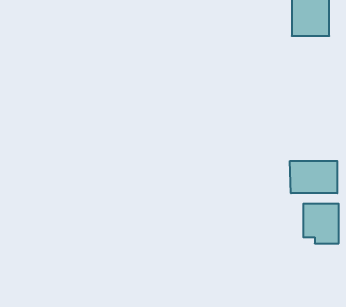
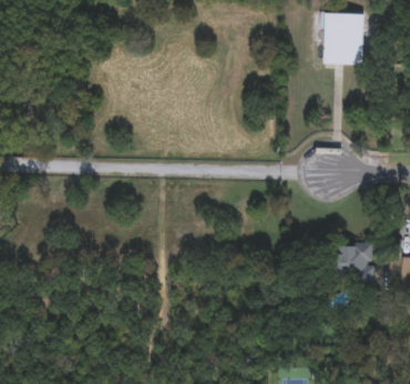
building: [290,161,337,193] -> none

